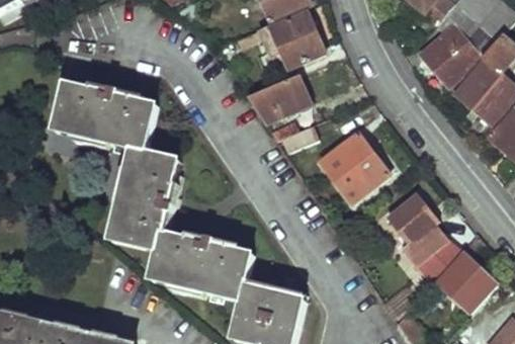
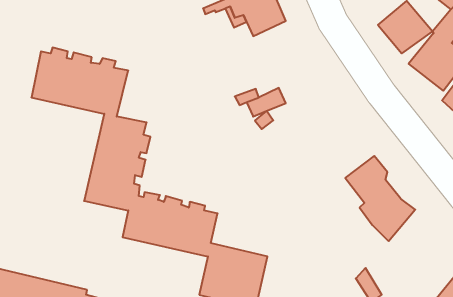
building: [248,75,309,120] -> none
building: [322,133,391,202] -> none
building: [438,234,495,311] -> none

